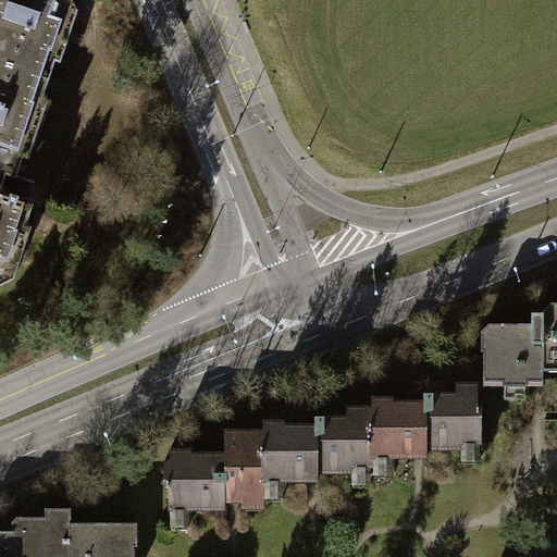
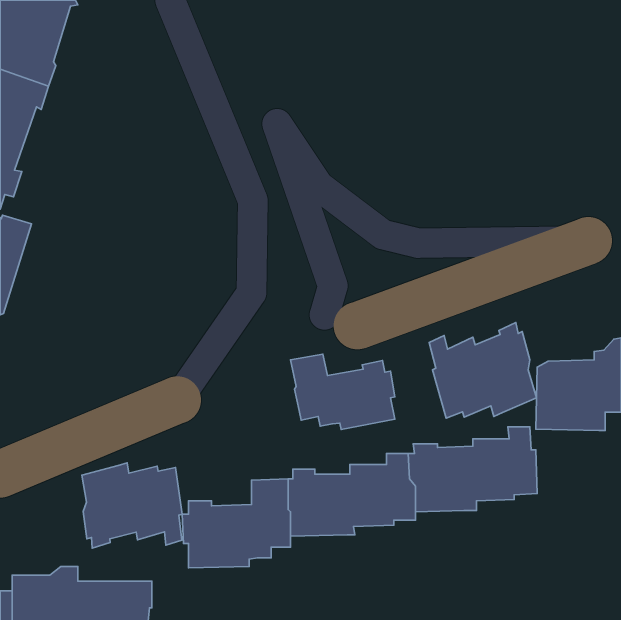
building: none -> [429,323,537,418]
building: none -> [291,354,395,430]
building: none -> [82,463,182,548]

